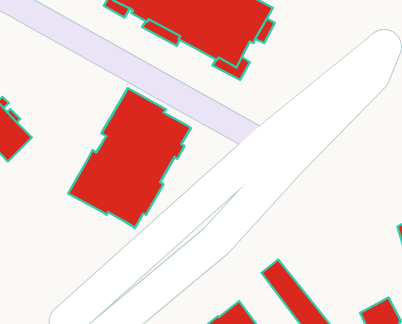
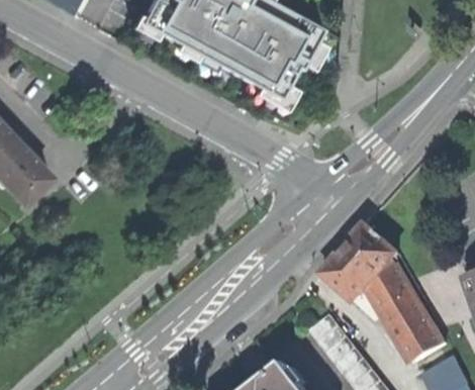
building: [68,88,191,228] -> none
building: none -> [320,224,445,362]

